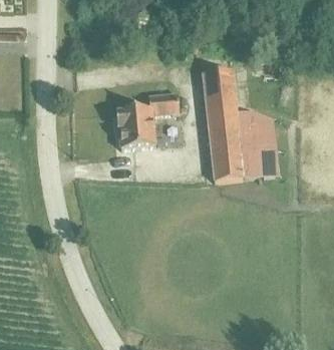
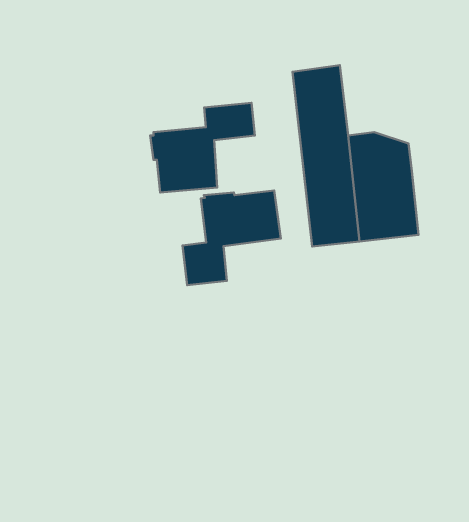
building: none -> [183,191,281,285]

